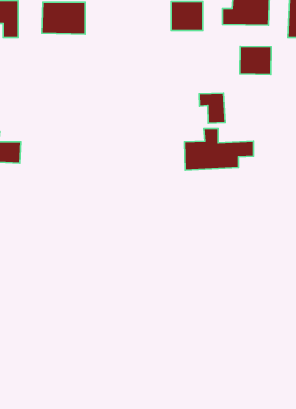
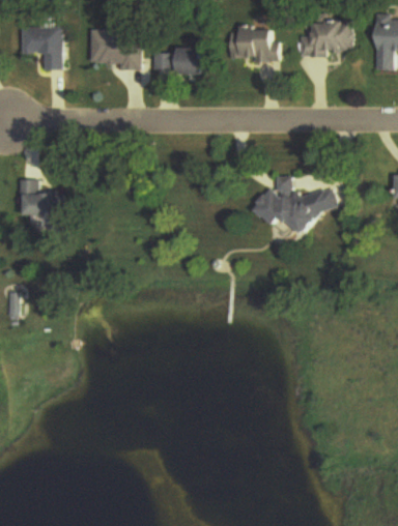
building: none -> [149,47,204,74]
building: [240,46,271,74] -> none
building: [199,93,225,123] -> none

